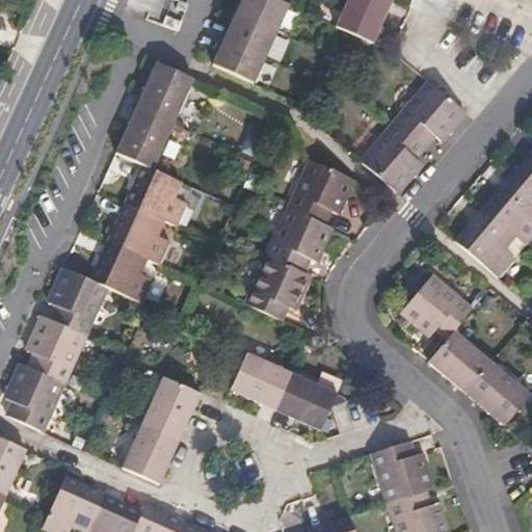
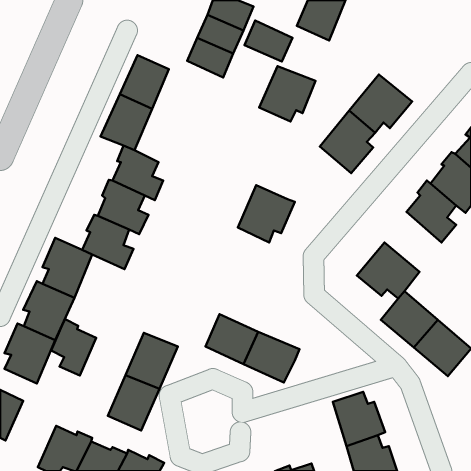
building: none -> [244,21,293,62]
building: [289,162,352,224] -> [259,66,315,121]
building: [246,257,311,321] -> none
building: none -> [51,319,96,376]

